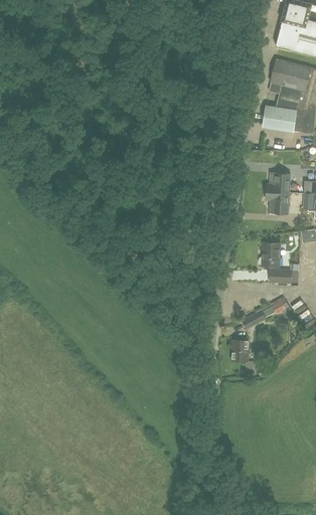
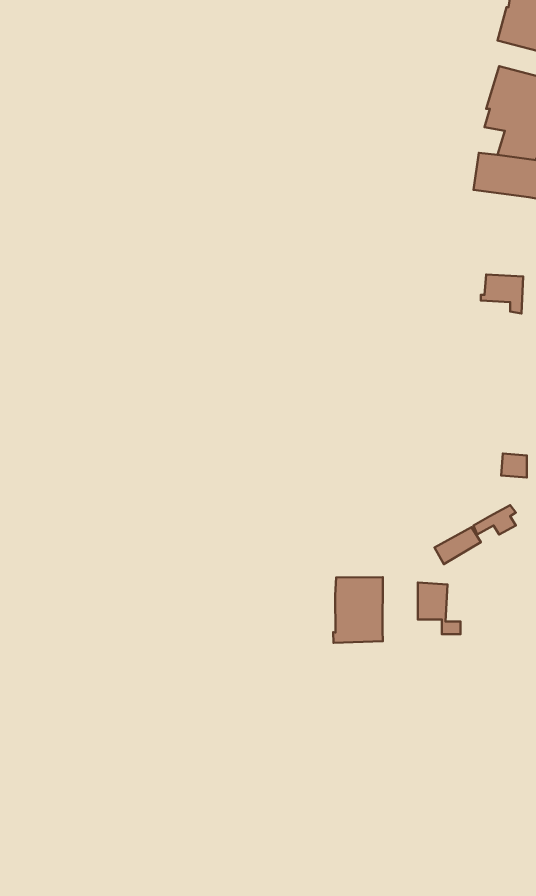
building: [265,186,288,213] -> none
building: [258,242,280,267] -> none
building: none -> [333,577,383,643]

